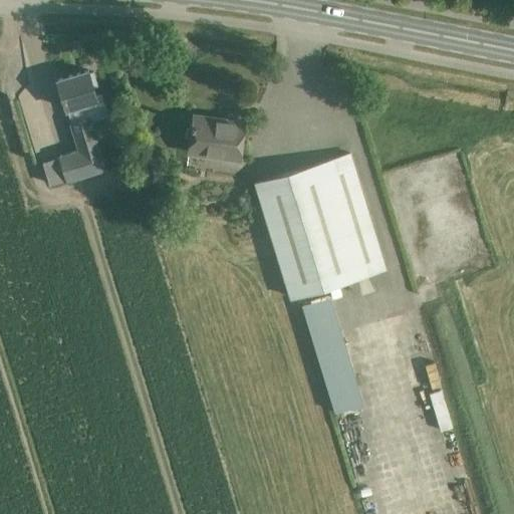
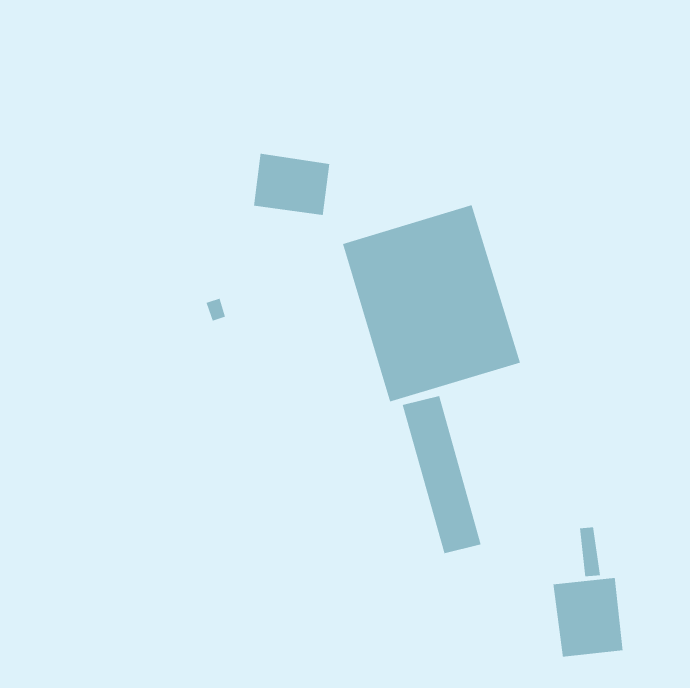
building: [42,73,109,188] -> none
building: none -> [553,577,623,658]

